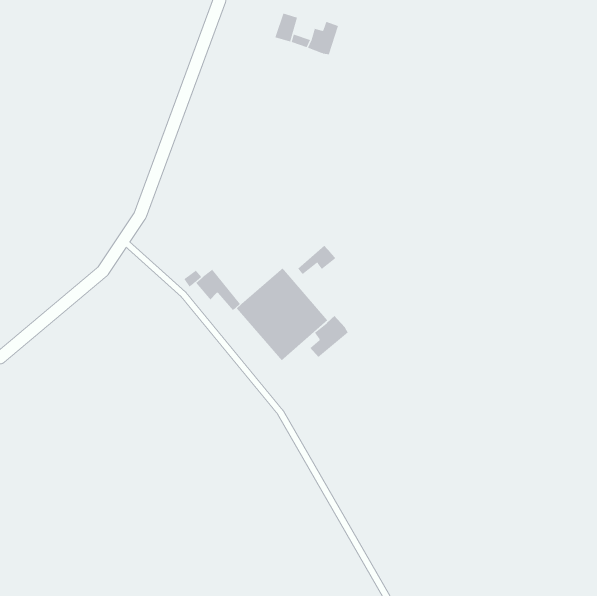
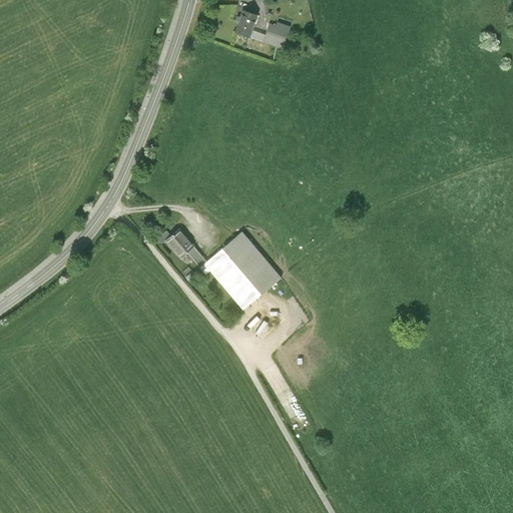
building: [297,245,336,275] -> none
building: [310,315,349,358] -> none

